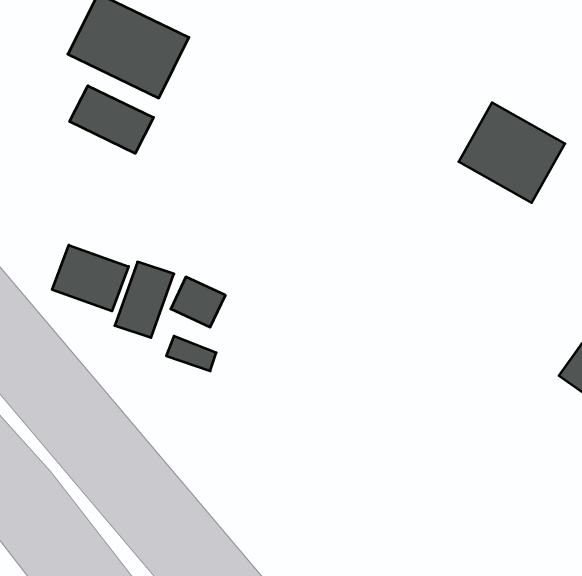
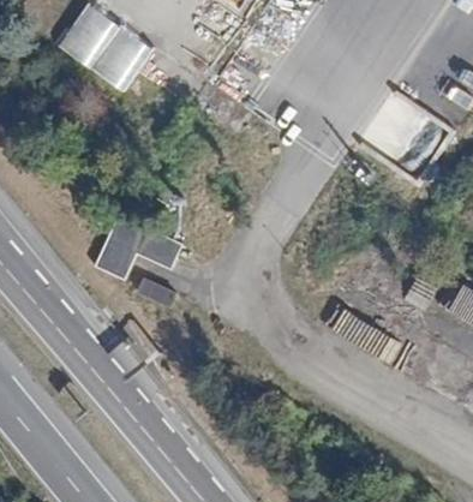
building: [70,86,154,153] -> none
building: [52,245,129,311] -> none

